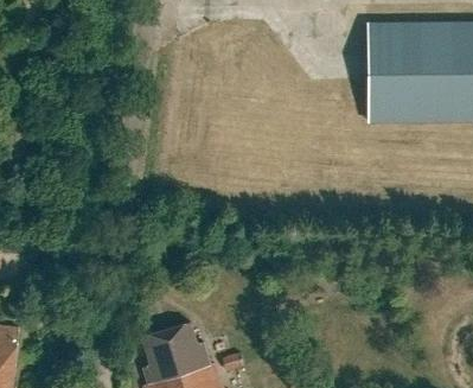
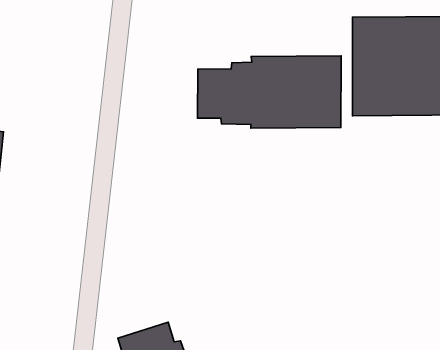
building: none -> [198,56,341,128]

